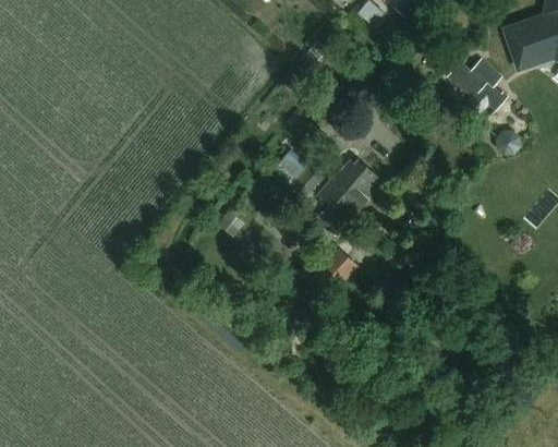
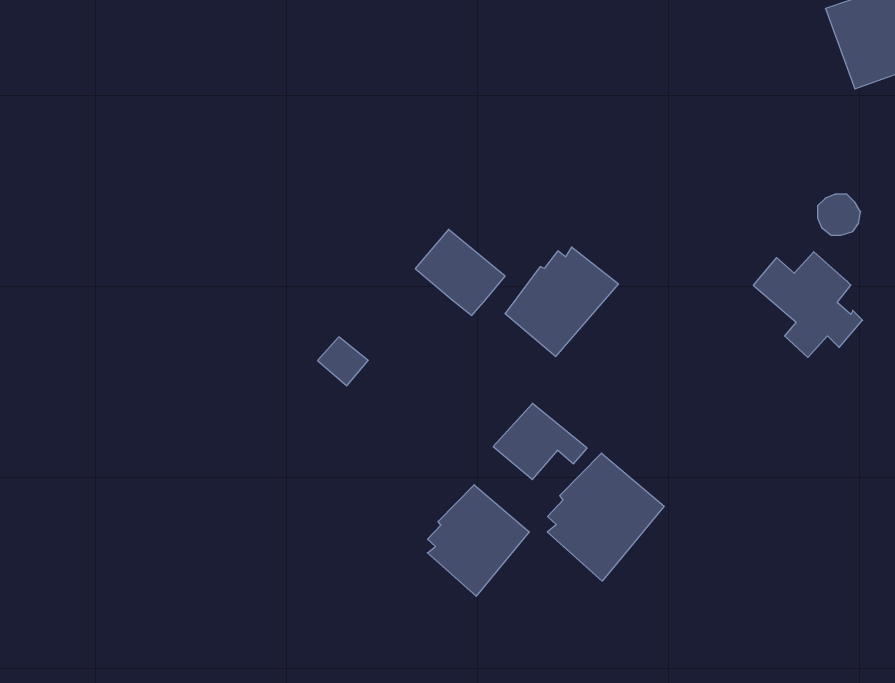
building: [447,58,508,117] -> [753,252,863,357]
building: none -> [547,453,664,581]
building: none -> [427,485,529,596]

